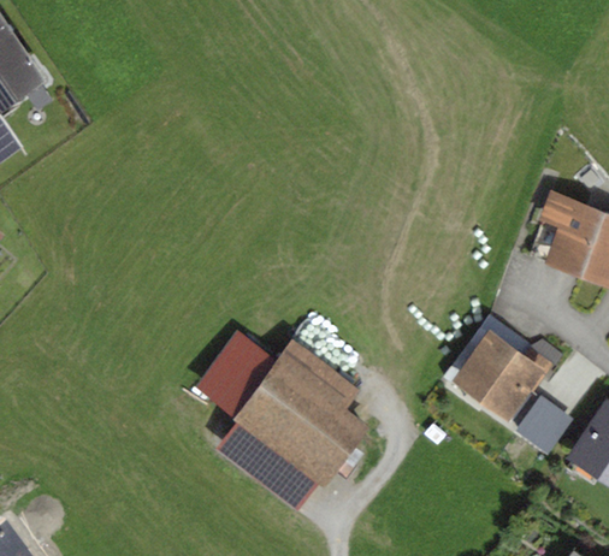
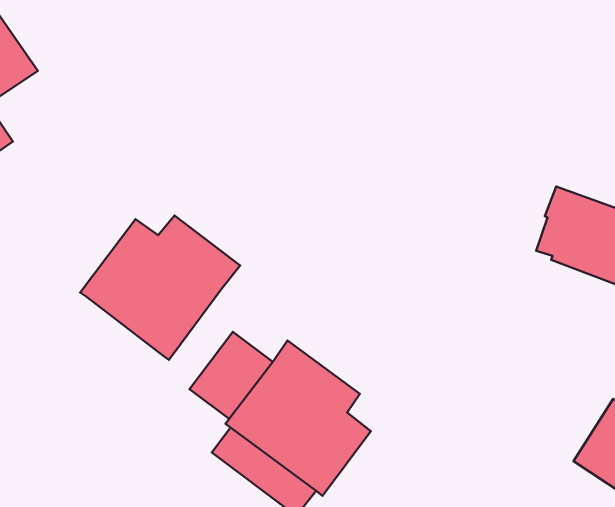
building: none -> [80,215,240,360]
building: [444,315,563,422] -> none
building: [514,396,572,454] -> none

